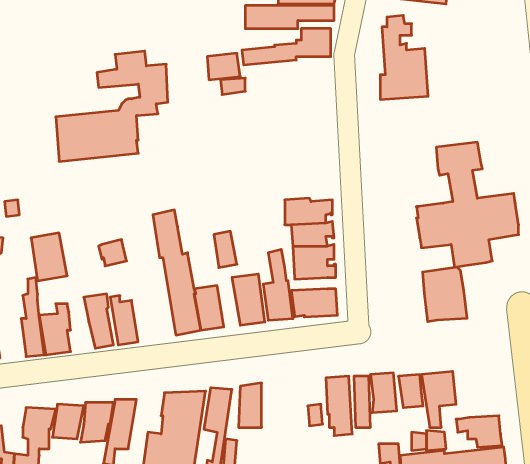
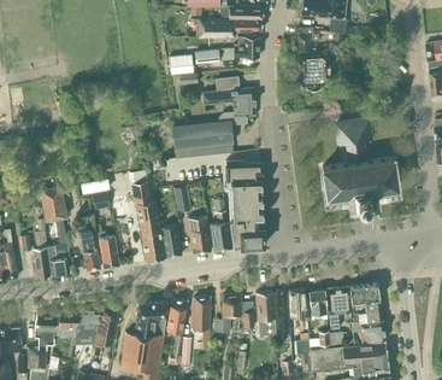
building: [56,51,168,161] -> [172,77,254,158]
building: [423,267,467,322] -> [349,282,382,322]
building: none -> [222,293,241,332]

